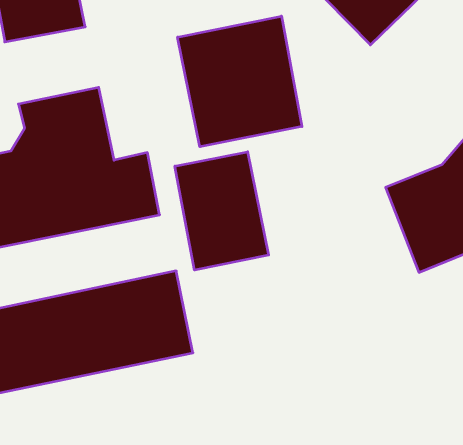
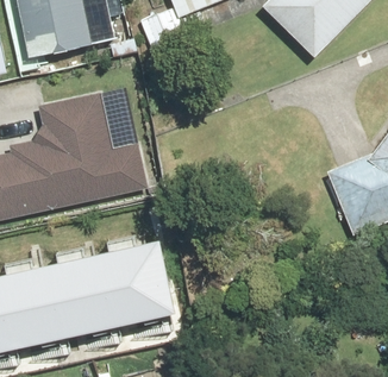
building: [178,16,302,147] -> none
building: [175,152,269,270] -> none

